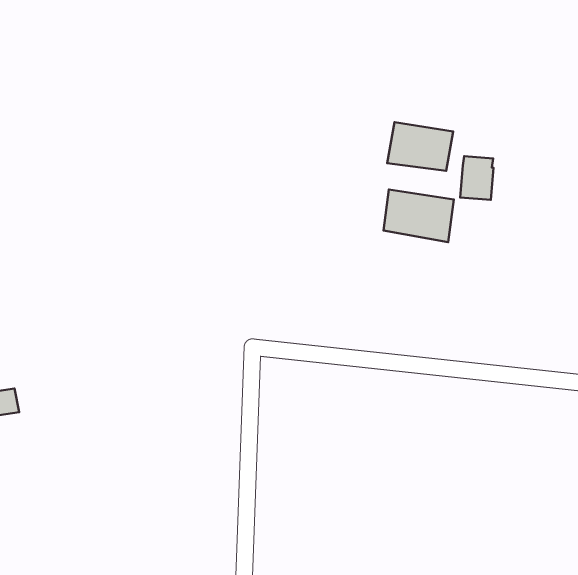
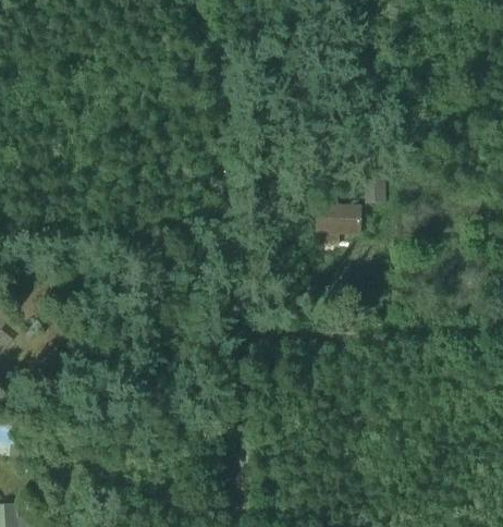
building: [387,122,453,171] -> none

